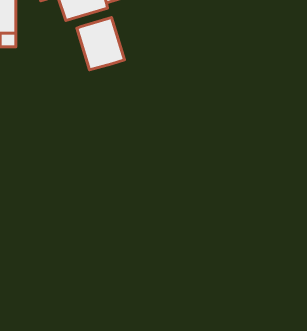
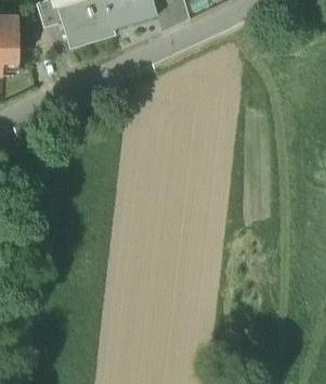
building: [77,18,124,70] -> none

